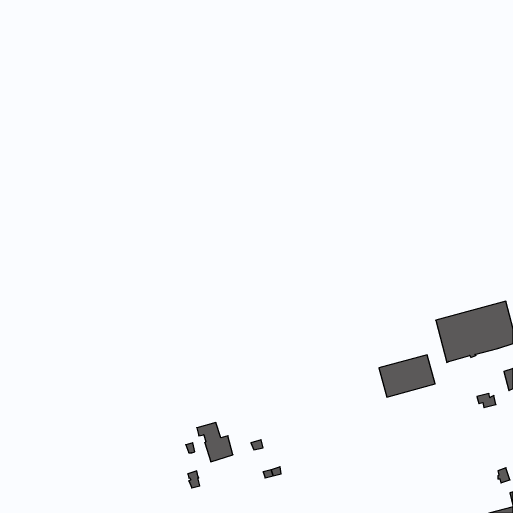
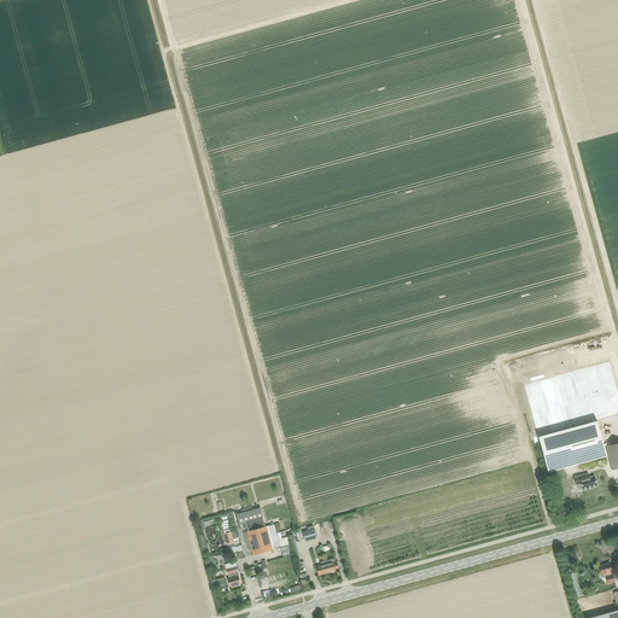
building: [379,355,435,397] -> [538,421,606,472]

